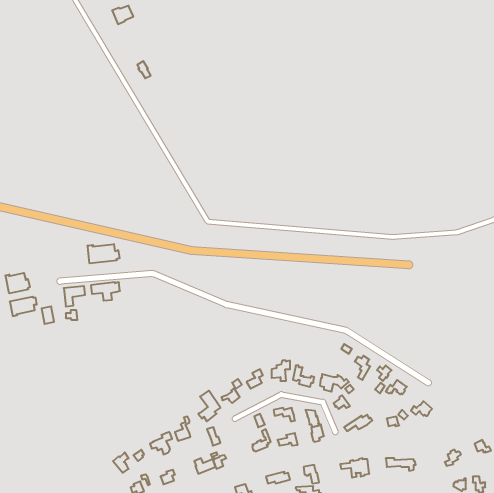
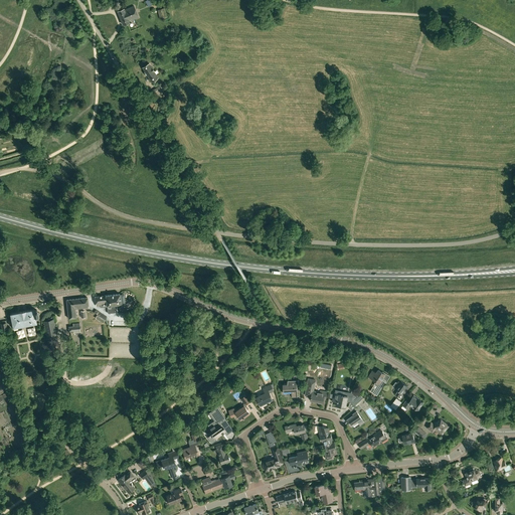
building: [87,244,120,263] -> none
building: [5,273,30,293] -> none

